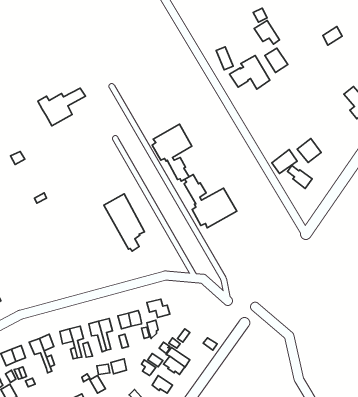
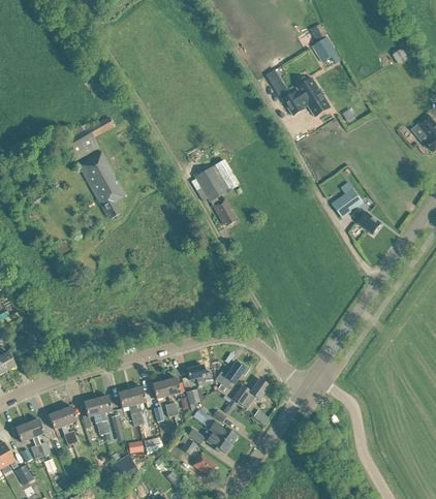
building: [265,48,288,73] -> none
building: [297,139,321,162] -> none
building: [184,174,237,228] -> none
building: [104,194,144,251] -> [77,151,125,218]
building: none -> [215,362,248,387]
building: none -> [232,378,269,407]

